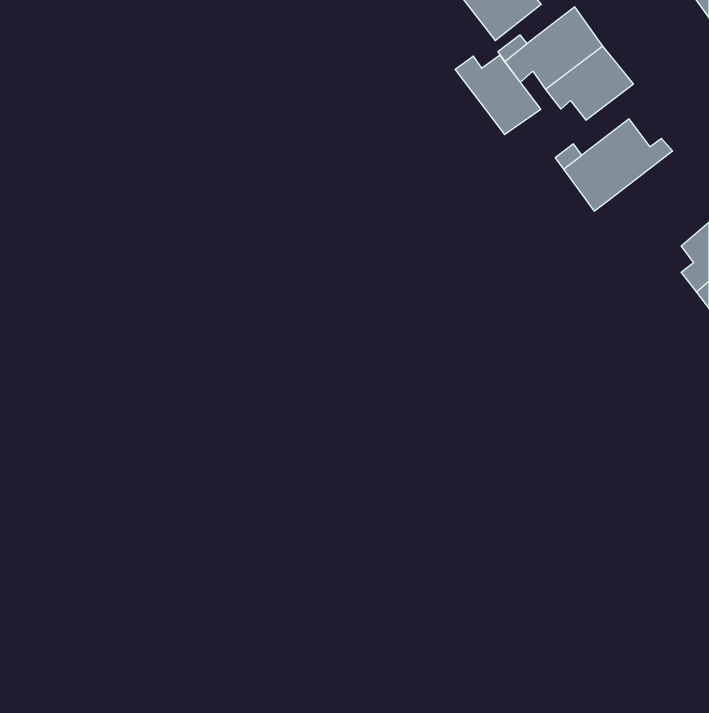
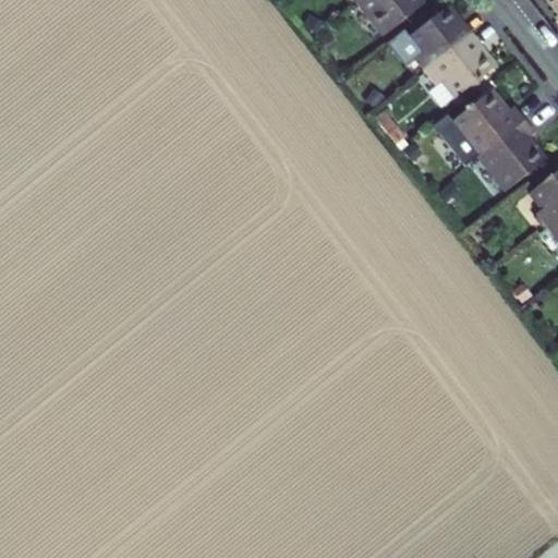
building: [455,55,541,135] -> none
building: none -> [477,118,544,191]

